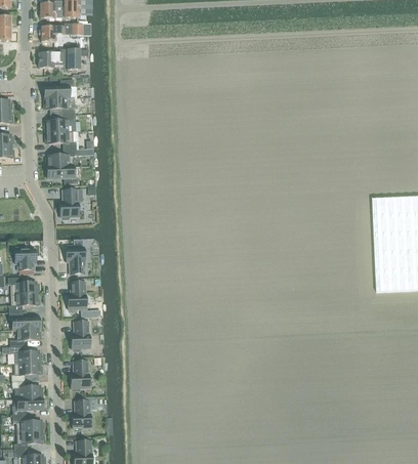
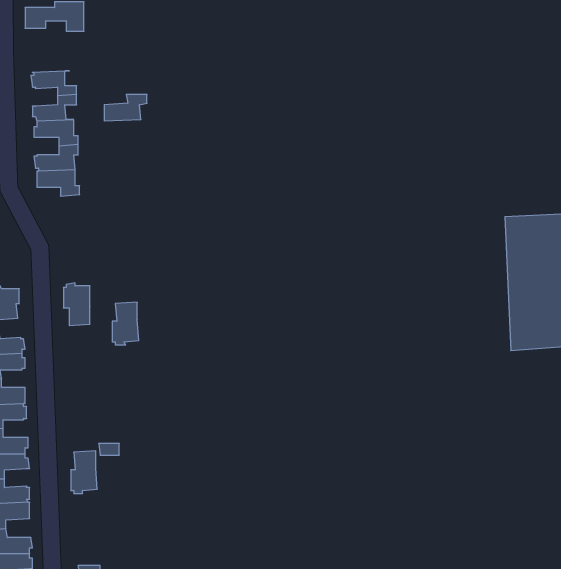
building: [44,79,74,97] -> [104,94,147,121]
building: [59,188,78,218] -> none
building: [68,281,86,310] -> [112,302,139,345]
building: [71,321,89,350] -> none
building: [72,400,90,430] -> none

